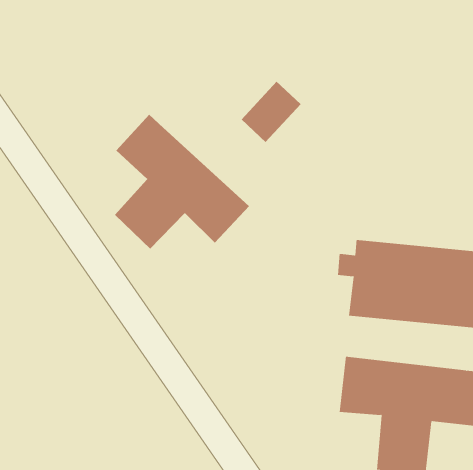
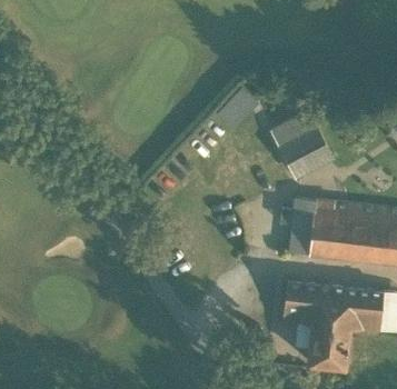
building: [114,114,250,249] -> none
building: none -> [272,113,335,178]

